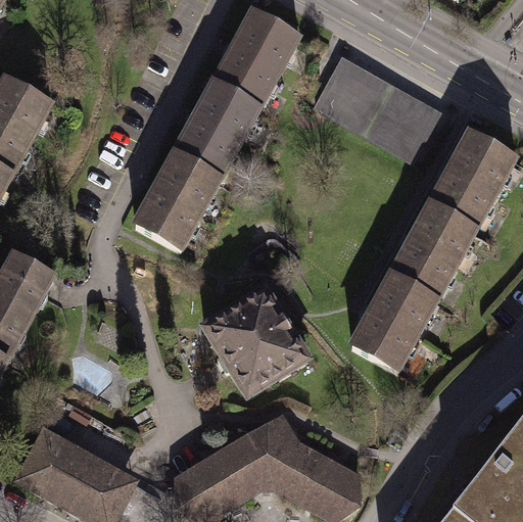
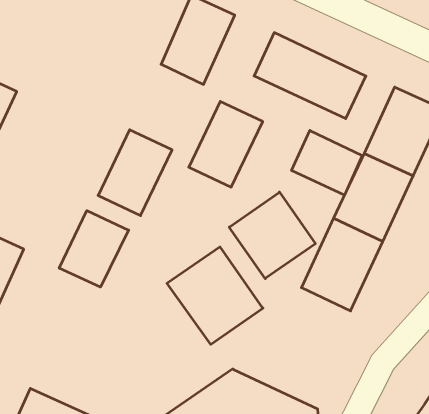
building: [174,84,258,179] -> [189,101,263,187]
building: none -> [292,130,362,195]
building: none -> [229,192,315,279]
building: none -> [59,211,129,287]

